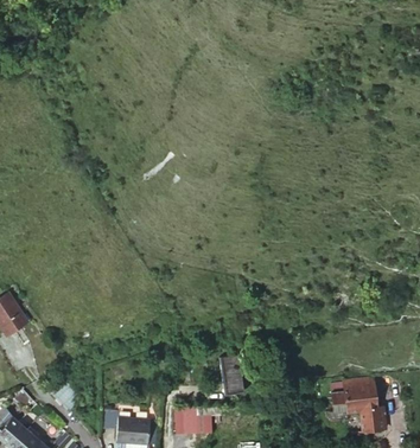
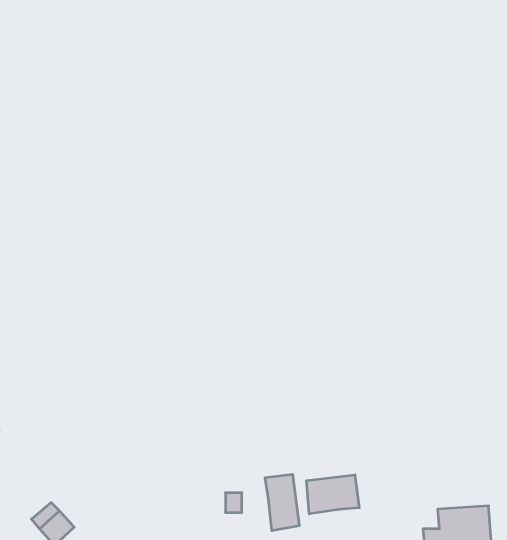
building: none -> [306,475,359,514]

